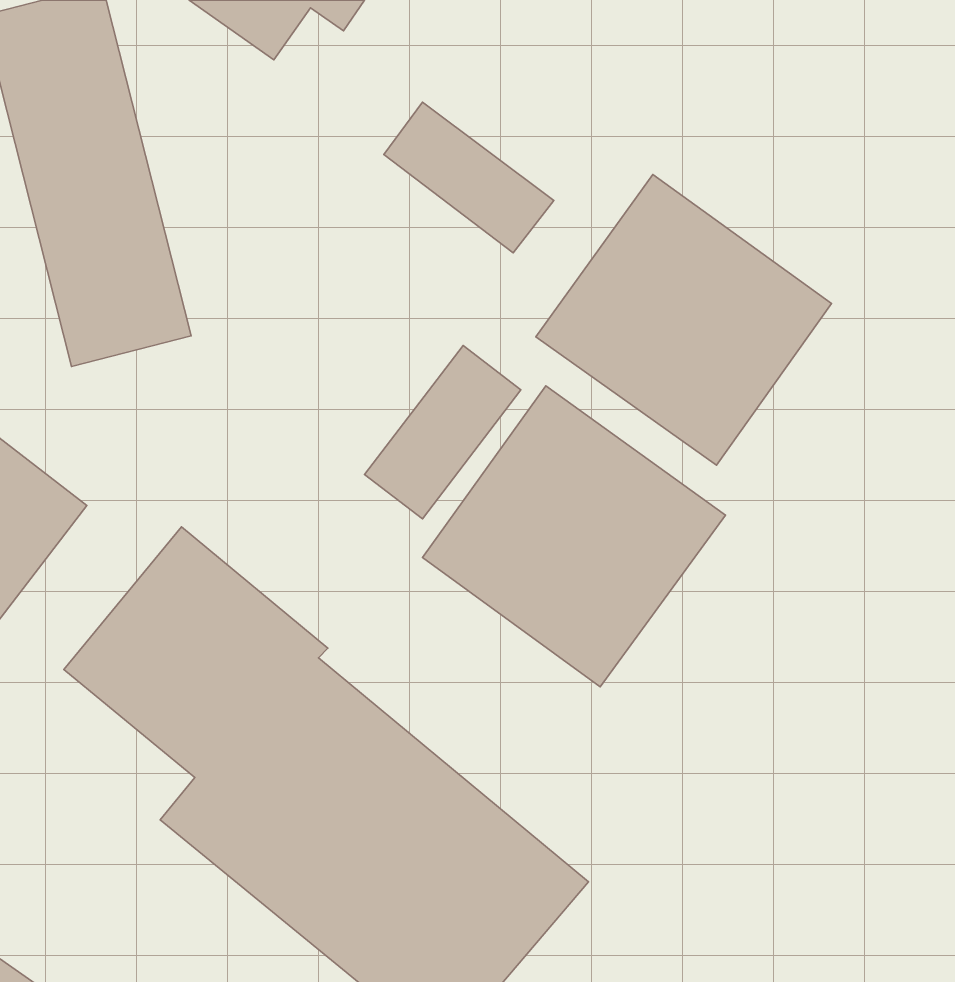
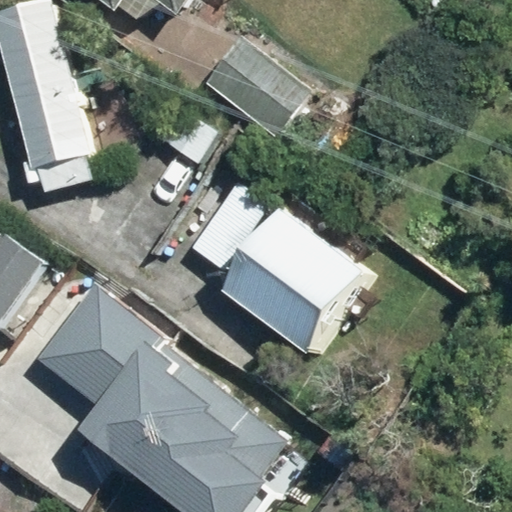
building: [536,174,832,465] -> none

